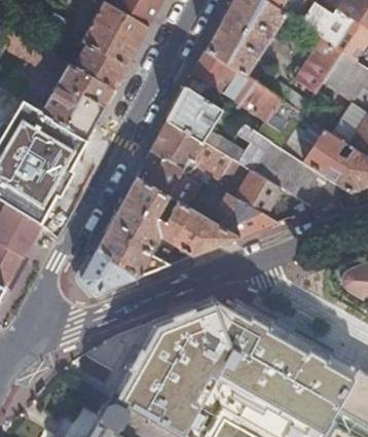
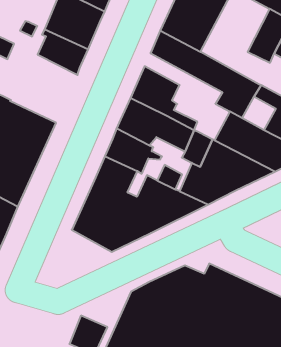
building: [40,64,114,139] -> none
building: [235,124,270,171] -> none
building: [80,252,135,294] -> none

